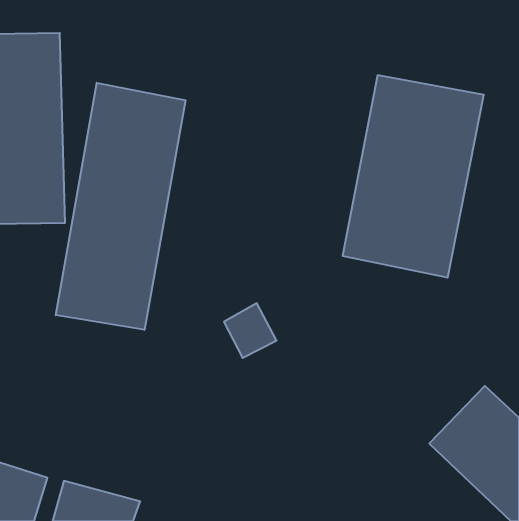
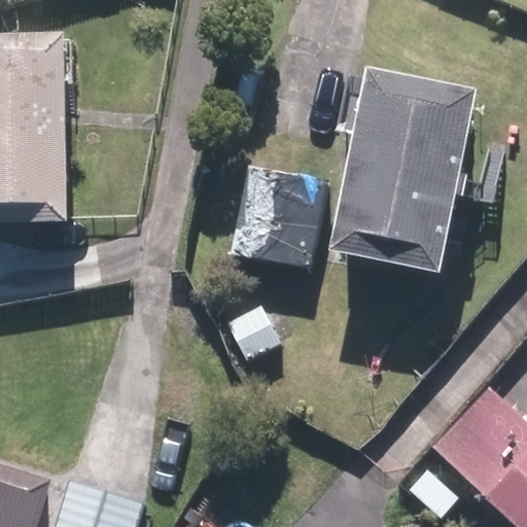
building: [56,83,186,330] -> none
building: none -> [236,168,325,269]

